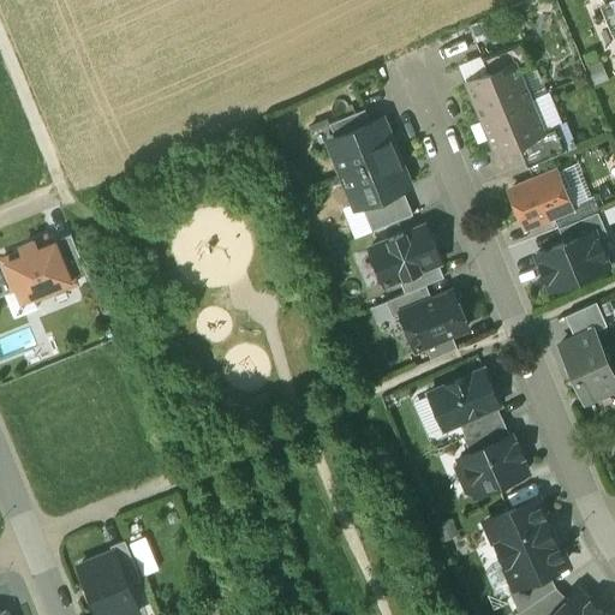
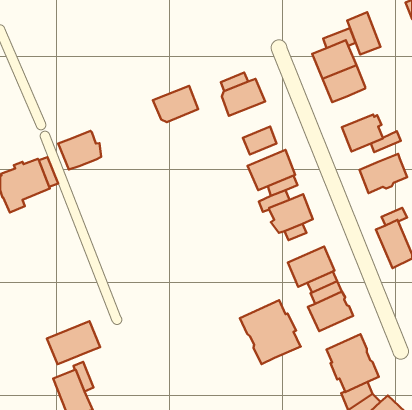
building: none -> [347,12,381,55]
building: [517,127,566,169] -> none
building: [341,154,408,208] -> [153,86,198,122]
building: none -> [58,131,101,170]
building: [557,213,607,244] -> none
building: none -> [240,300,301,364]
building: none -> [47,321,100,364]

